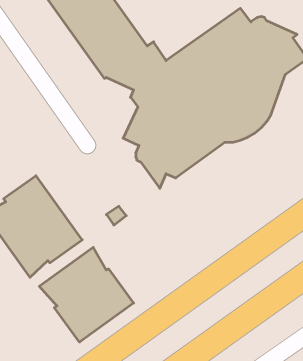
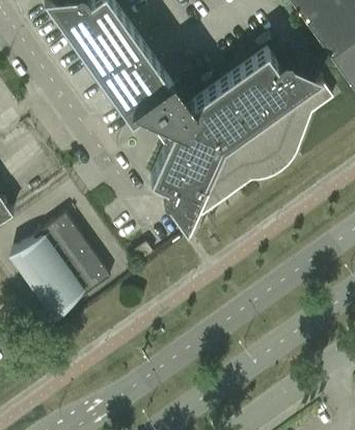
building: [39,247,134,342] -> none

